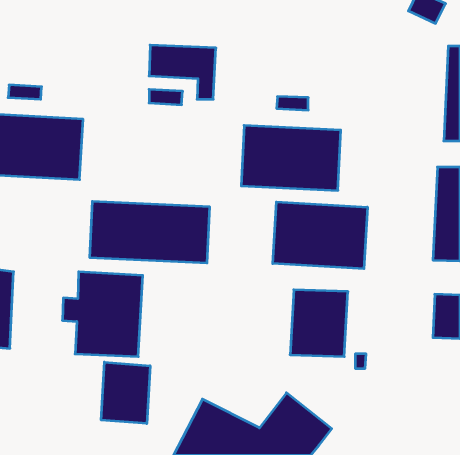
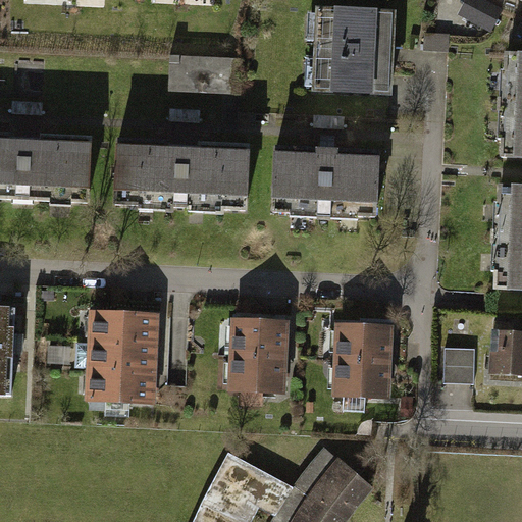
building: none -> [307,7,398,94]
building: [90,201,210,263] -> [118,139,254,208]
building: [273,202,367,269] -> none
building: none -> [229,318,292,407]
building: none -> [443,344,473,378]
building: [101,362,150,424] -> none

